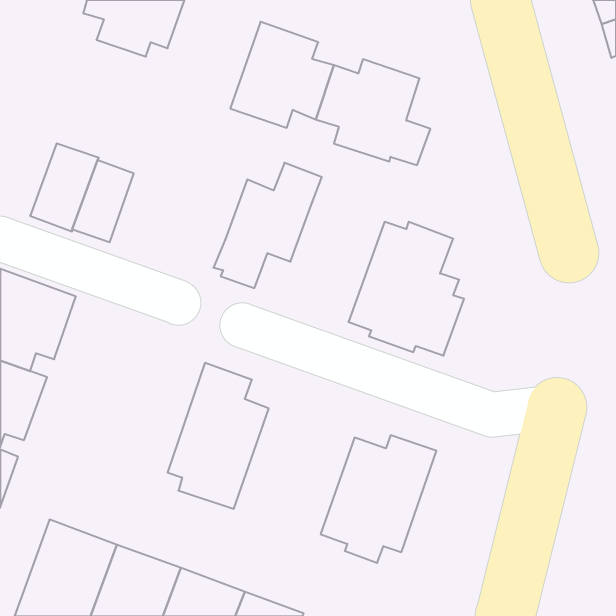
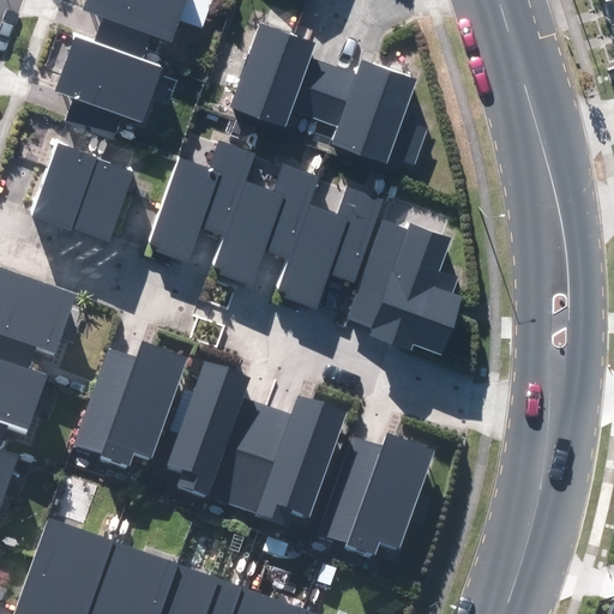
building: none -> [54,32,161,137]
building: none -> [146,140,255,263]
building: none -> [278,183,385,308]
building: none -> [76,341,188,470]
building: none -> [233,397,344,526]

